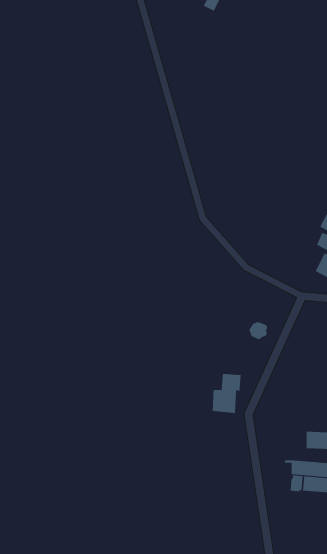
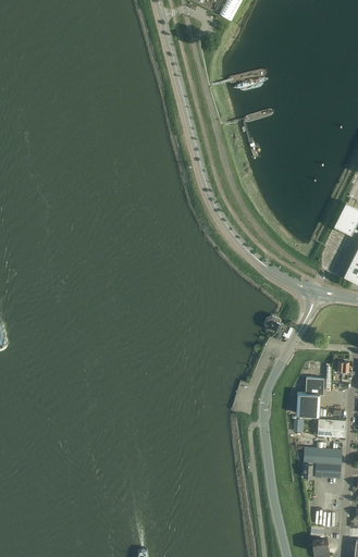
building: [212,374,241,414] -> [296,377,324,416]

